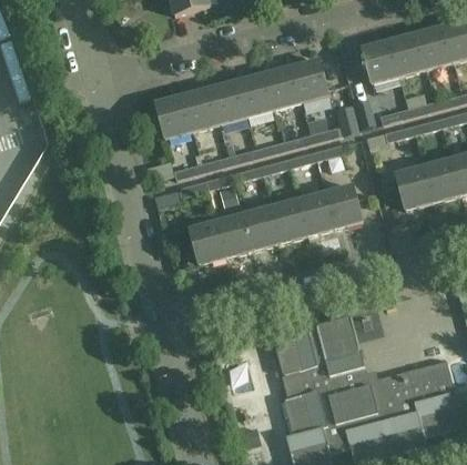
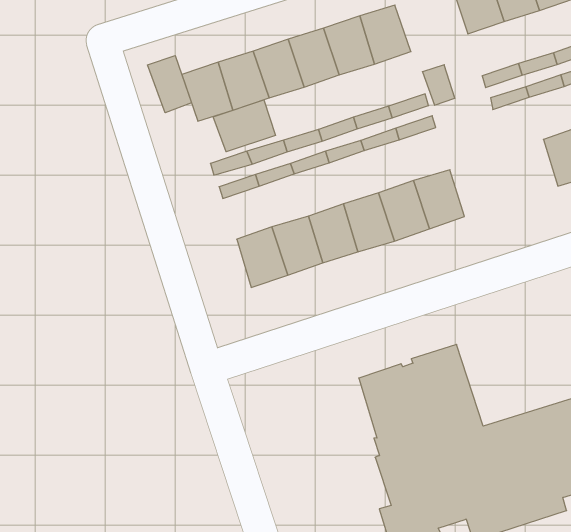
building: none -> [148,56,191,113]
building: none -> [213,100,275,152]
building: [395,165,432,209] -> none

